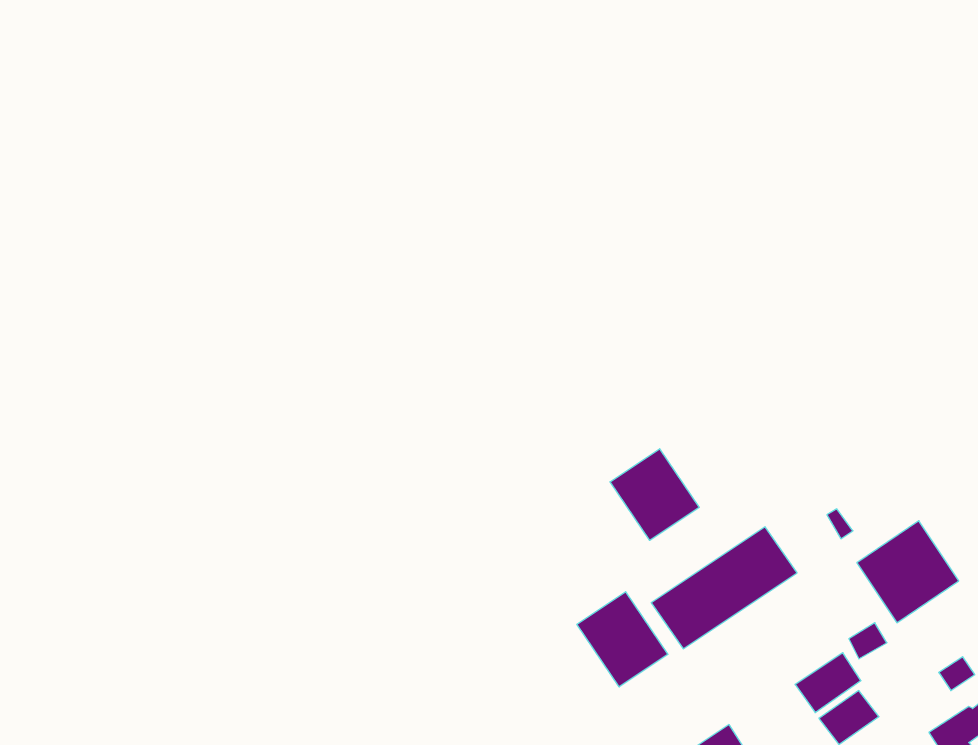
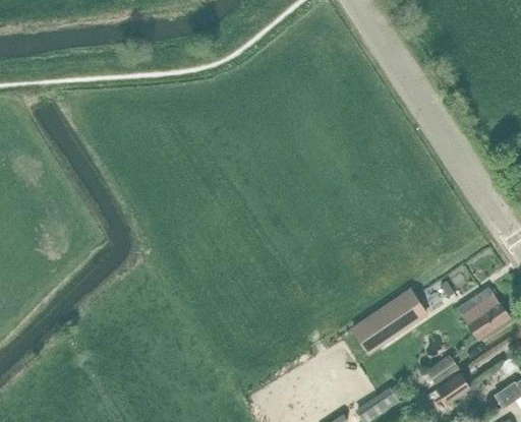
building: [610,449,699,540] -> none
building: [577,592,668,687] -> none

